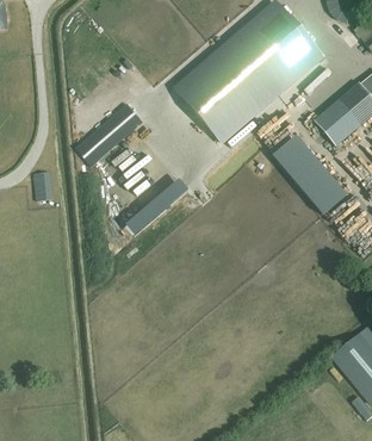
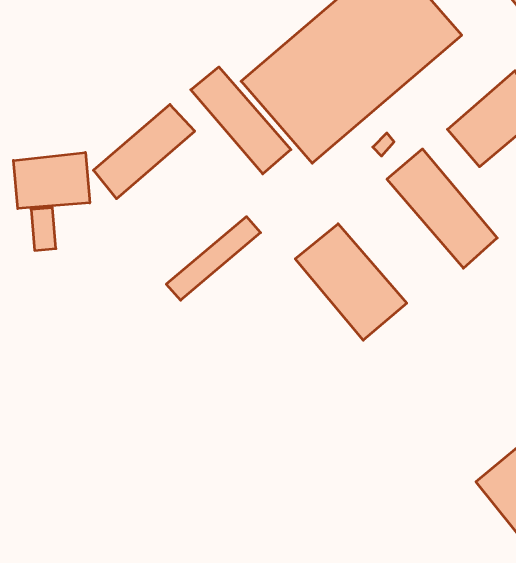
building: none -> [191,67,291,174]
building: none -> [13,152,90,209]
building: none -> [295,224,407,340]

